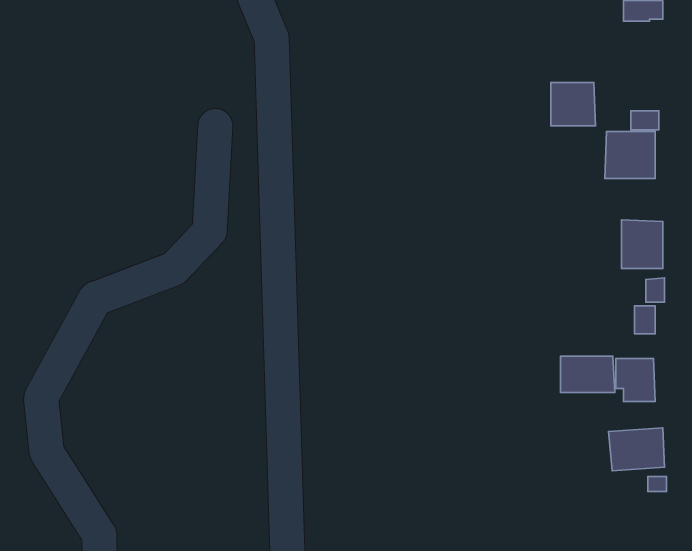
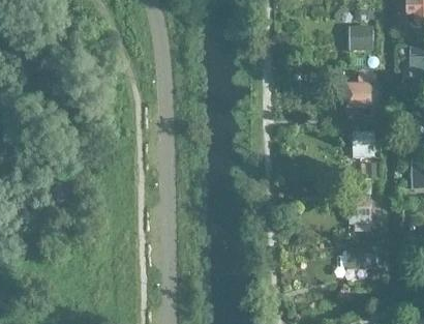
building: [551,83,596,126] -> [347,26,372,50]
building: [560,356,615,392] -> none

